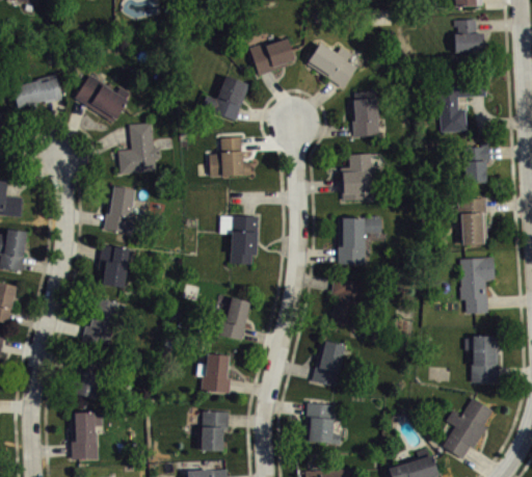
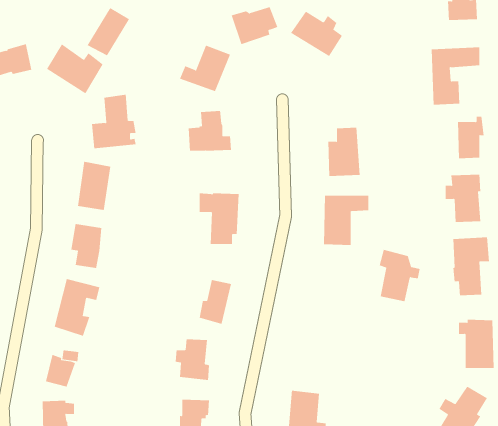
building: none -> [87,7,130,56]
building: [350,90,378,135] -> none
building: [330,277,370,327] -> [379,249,421,302]
building: [311,340,345,387] -> none

